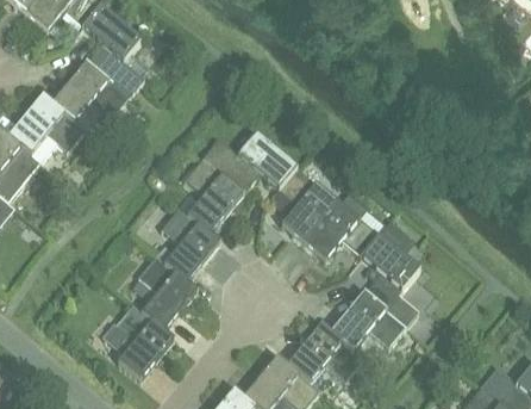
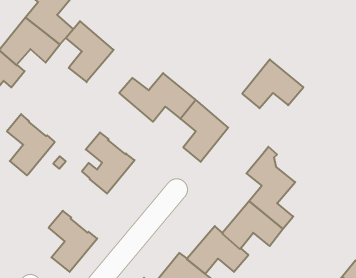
building: [185,156,244,233] -> [66,21,114,82]
building: [304,199,380,260] -> [242,59,303,108]
building: [138,254,198,330] -> [7,114,55,175]

